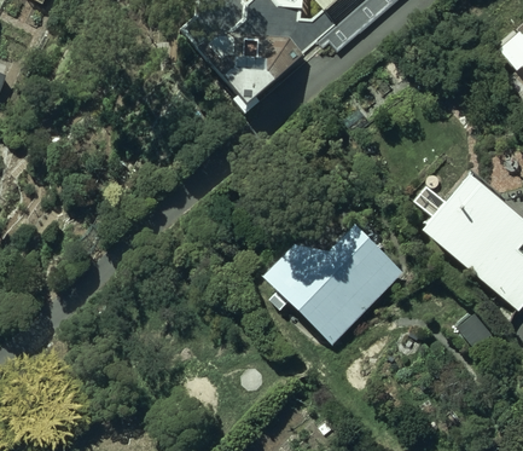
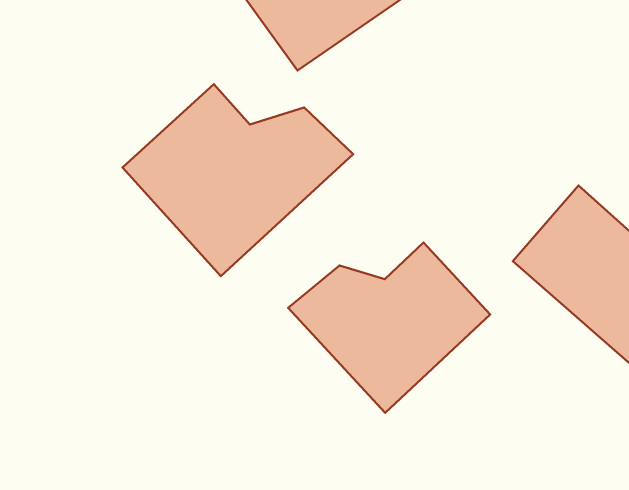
building: none -> [123,84,353,276]

